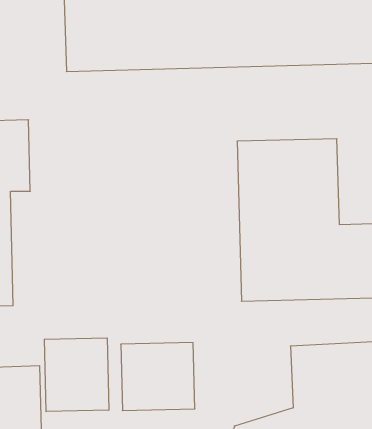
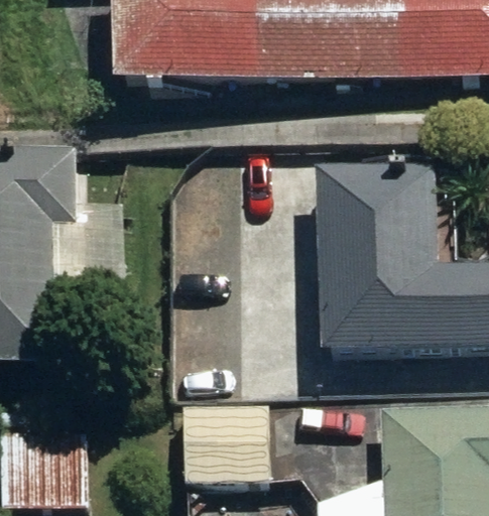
building: [44,338,109,412] -> none

